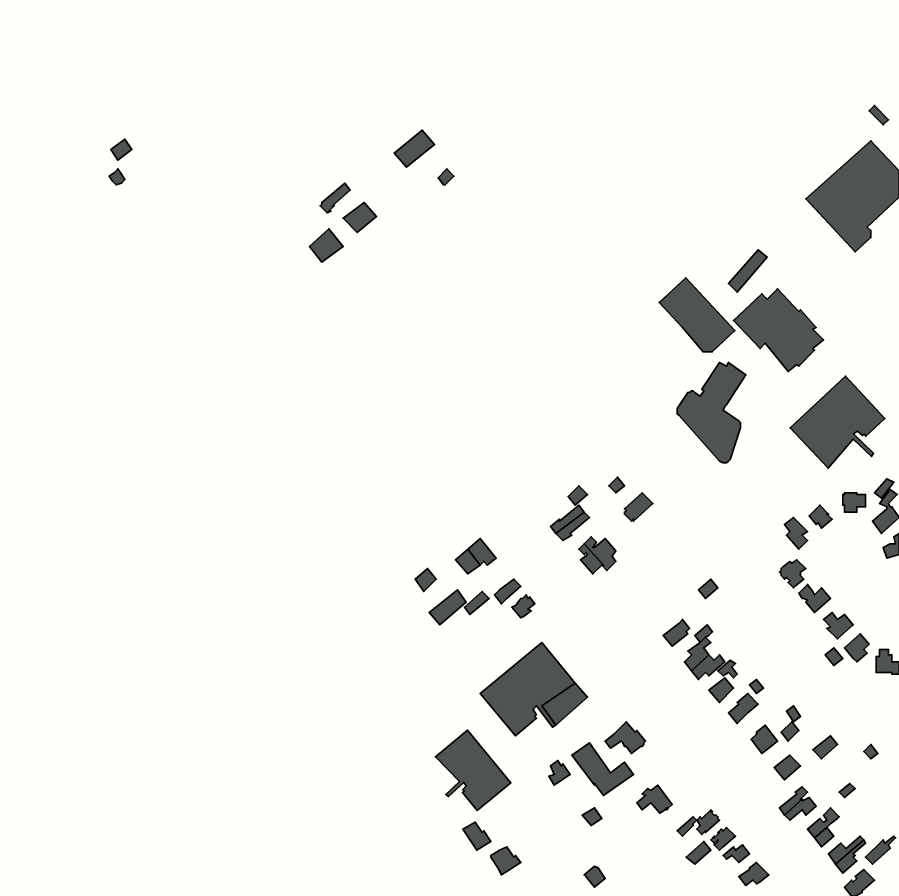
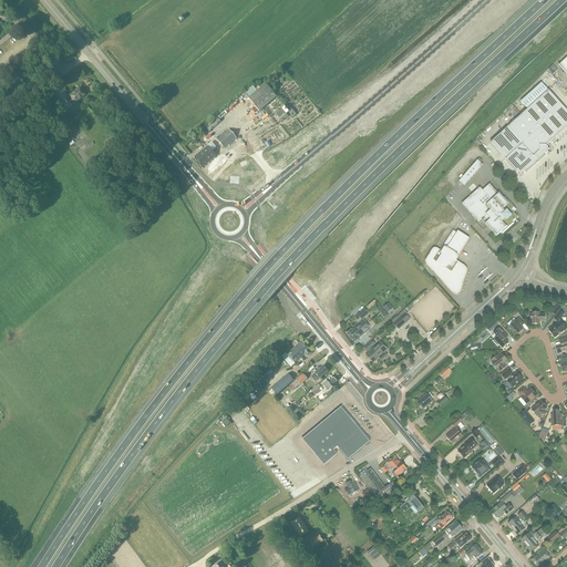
building: [659,278,735,352] -> [491,125,538,172]
building: [790,376,885,468] -> none
building: [435,730,511,810] -> none

